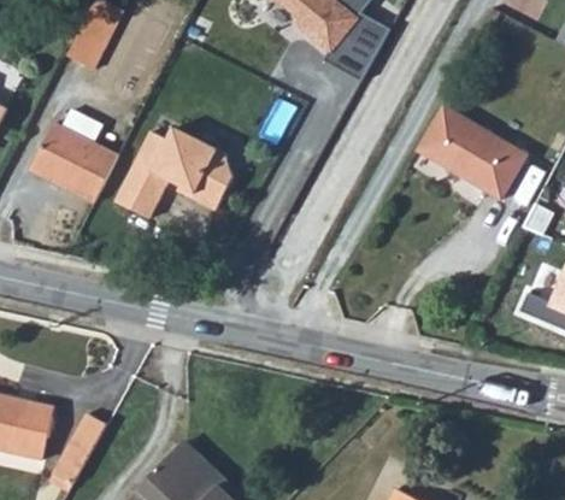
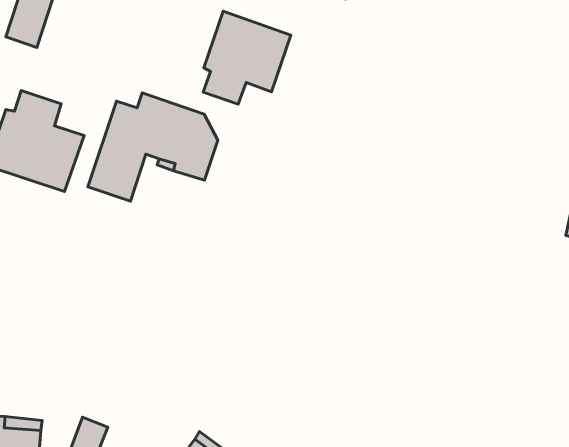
building: none -> [203,11,291,104]
building: [418,111,528,204] -> none

